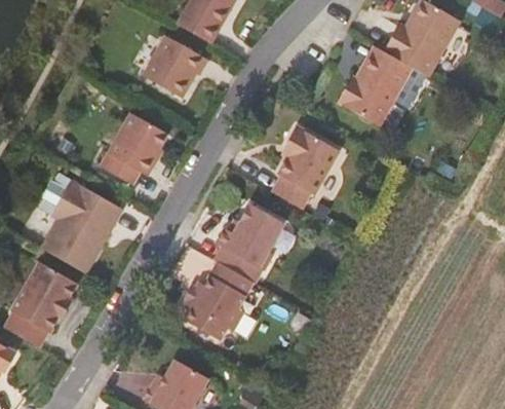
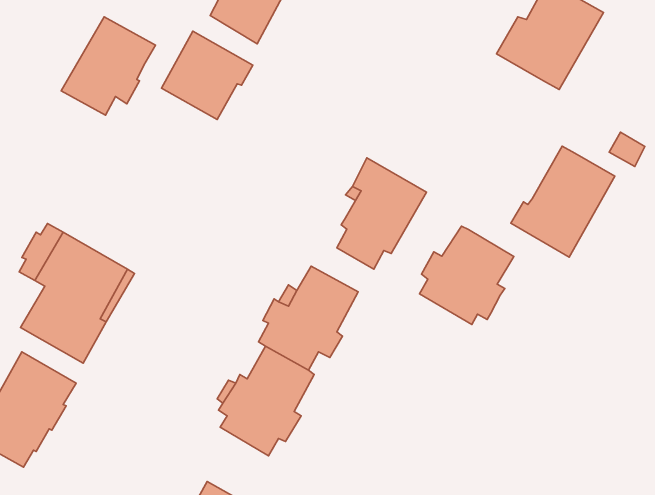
building: [338,45,413,125] -> [511,146,615,257]
building: [98,111,165,182] -> [61,17,155,115]
building: none -> [419,226,514,324]

